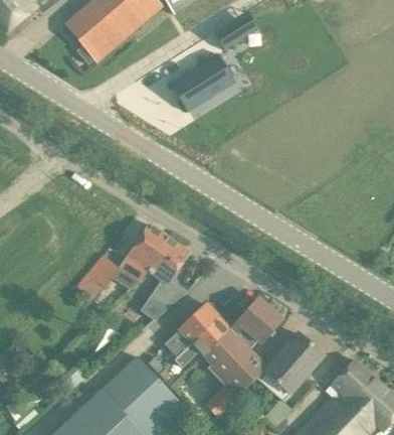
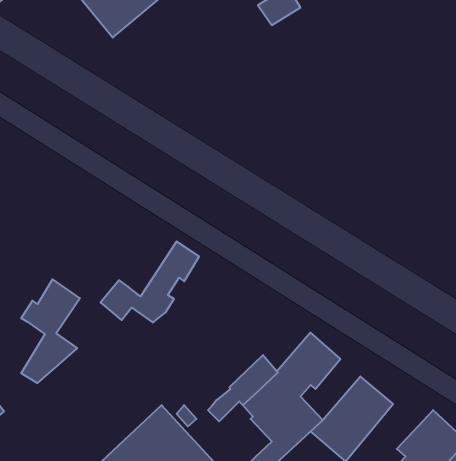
building: [170,53,236,112] -> none
building: [142,236,189,319] -> [21,279,80,383]
building: [164,303,218,356] -> none

